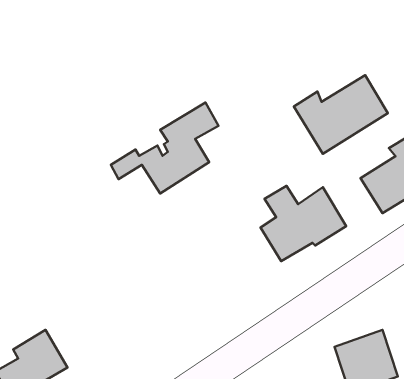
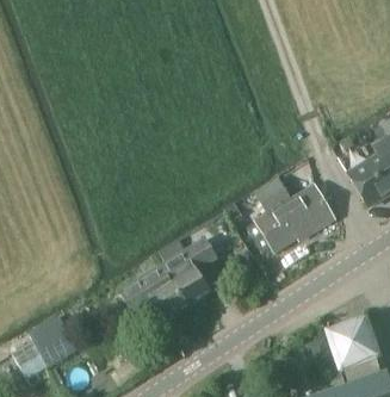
building: [294,75,388,154] -> none
building: [111,103,218,193] -> [118,236,217,320]

